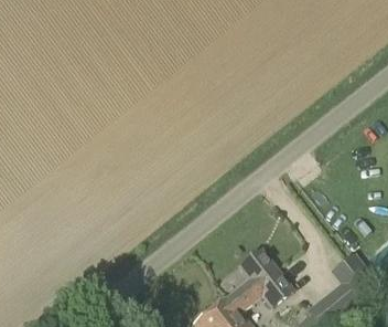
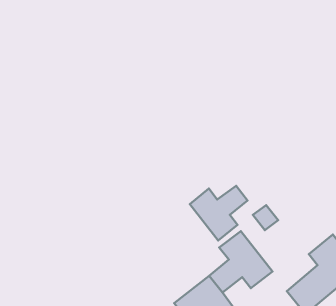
building: none -> [190,186,248,240]

